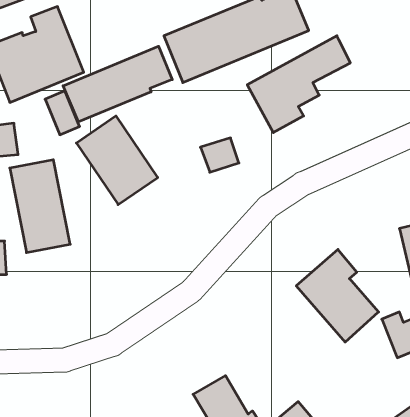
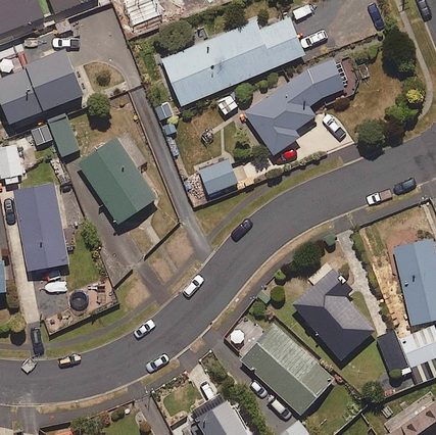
building: [63,46,172,122] -> none
building: none -> [239,325,331,416]

